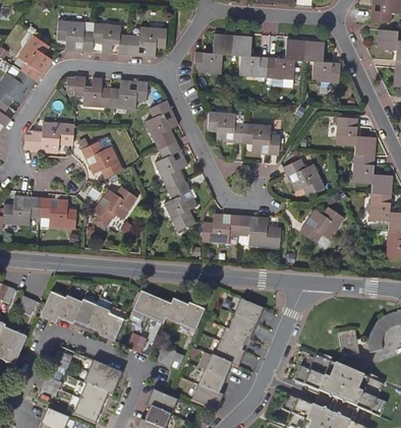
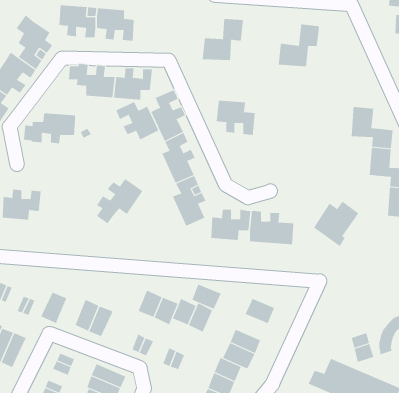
building: [128,25,166,56] -> none
building: [231,34,268,76] -> none
building: [303,40,340,82] -> none
building: [242,122,278,155] -> none
building: [81,141,123,178] -> [115,101,159,140]
building: [282,159,325,196] -> none
building: [39,196,75,227] -> none
building: [57,295,81,323] -> none
building: [98,313,123,341] -> none
building: [228,313,256,338] -> [192,284,222,309]

